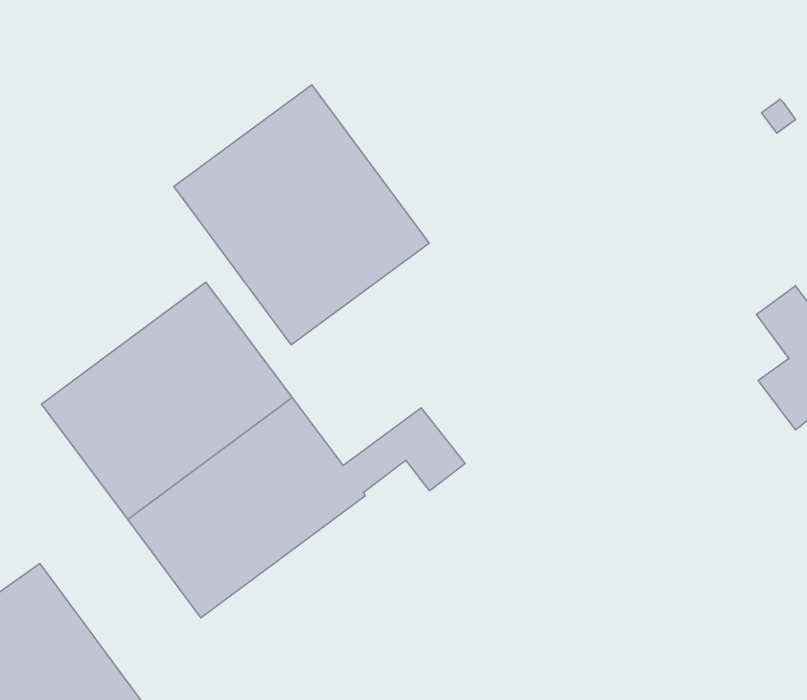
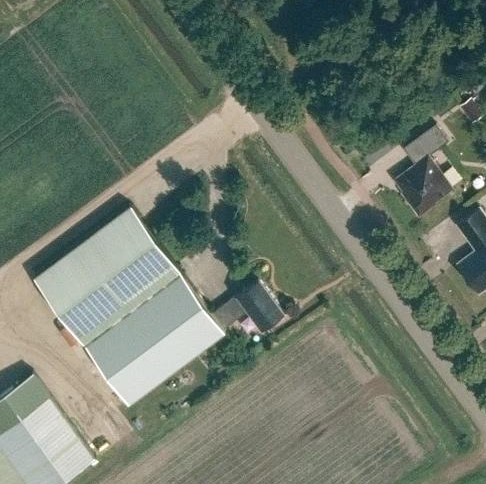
building: [174,85,429,345] -> none
building: none -> [394,125,451,217]

